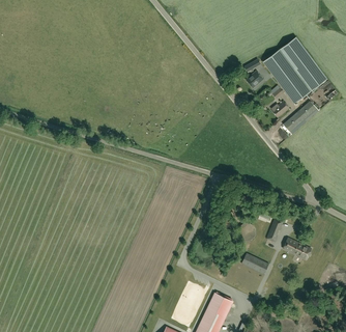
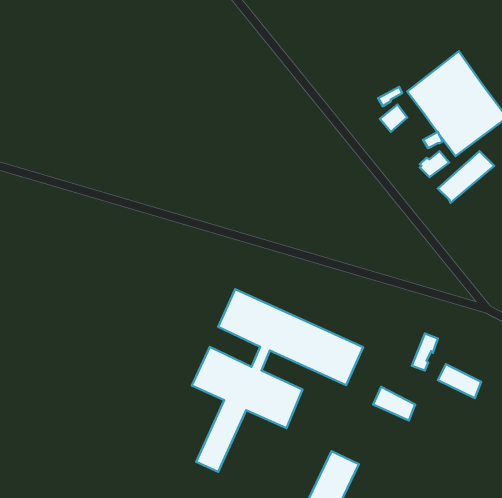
building: none -> [192,289,363,472]

